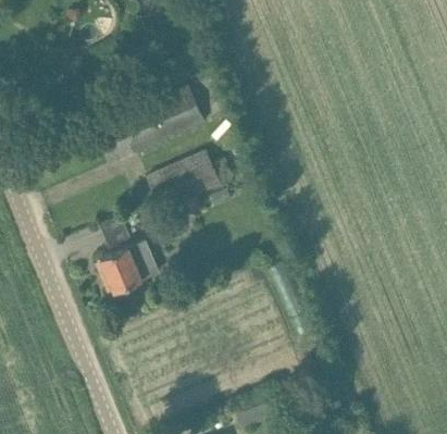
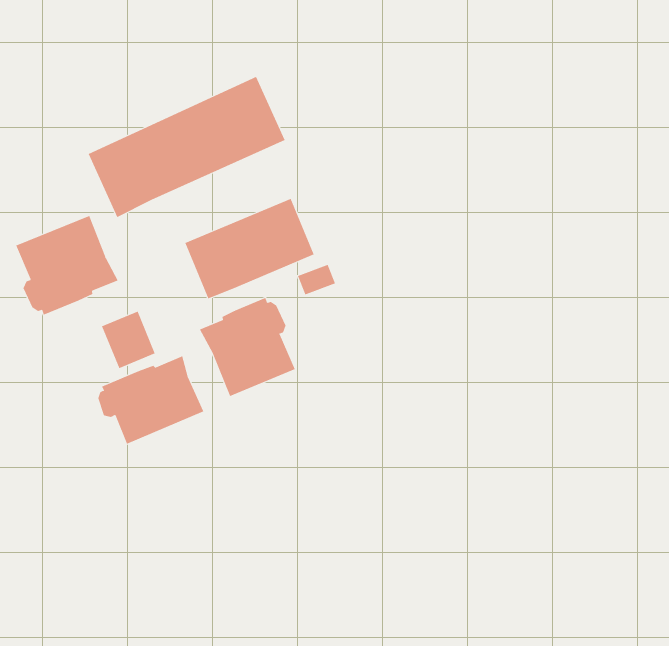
building: none -> [15,215,119,315]
building: none -> [199,297,295,397]

